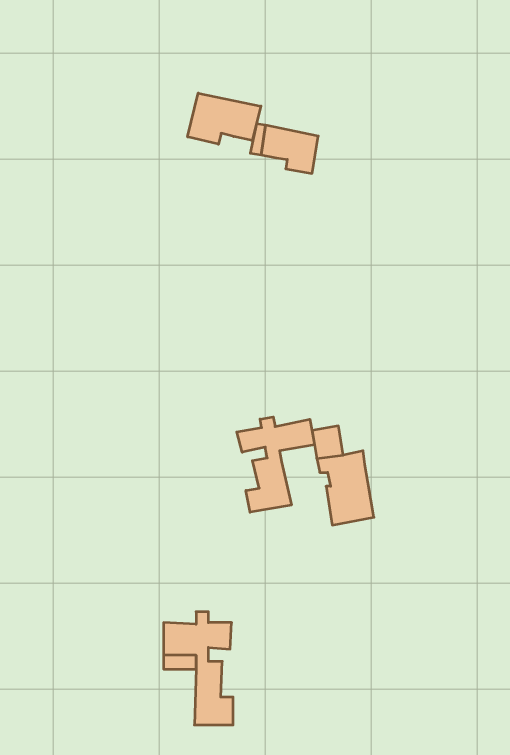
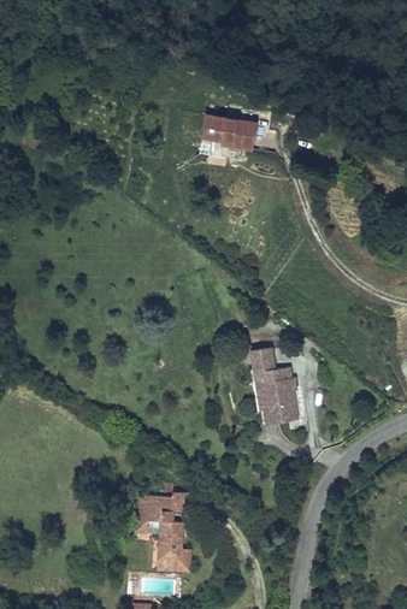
building: [188,93,261,144] -> none
building: [237,417,314,512] -> none

